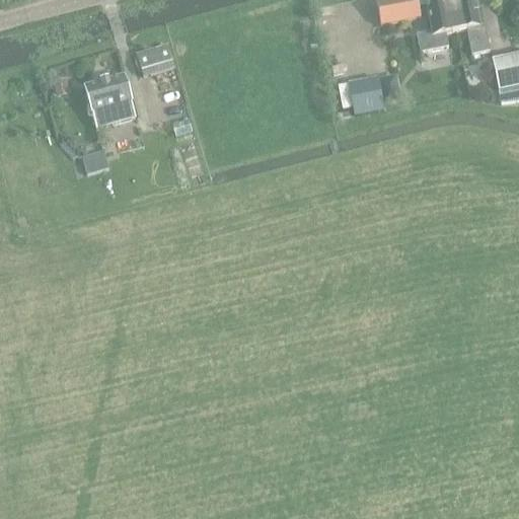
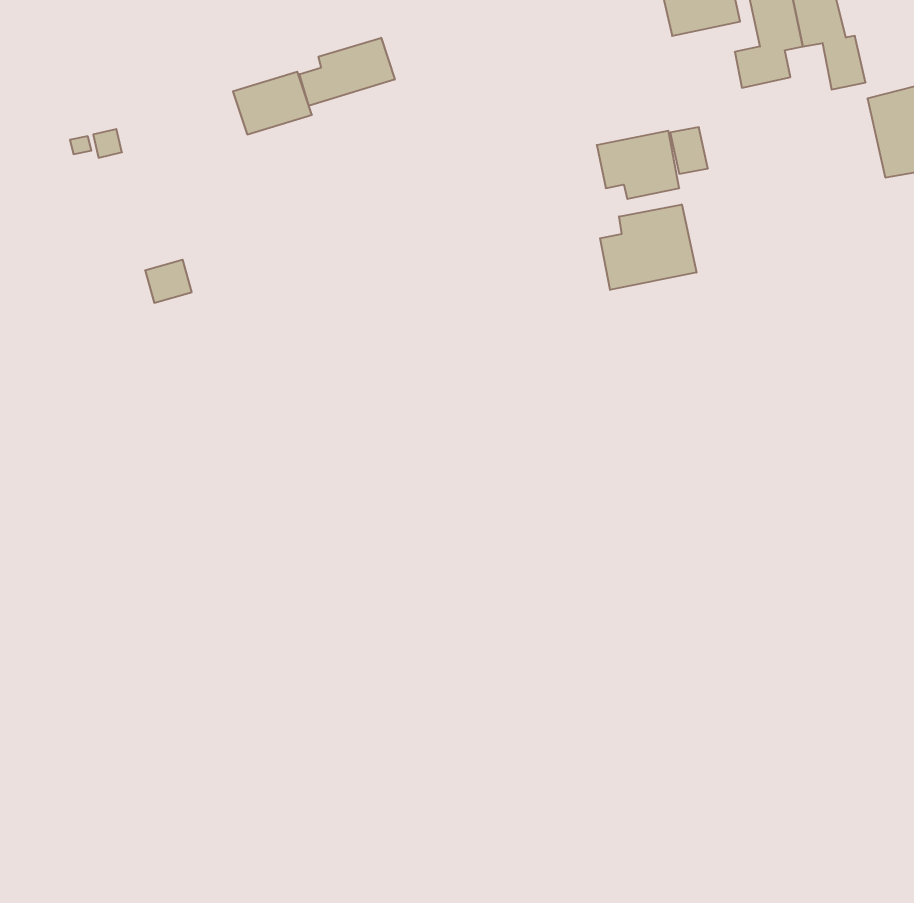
building: none -> [300,38,395,106]
building: [85,72,136,125] -> none
building: none -> [600,204,696,290]

